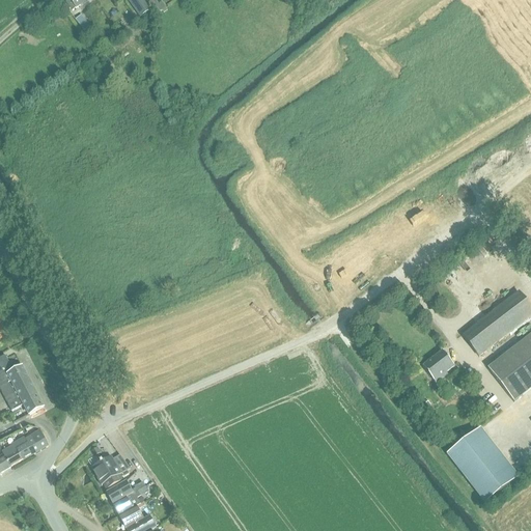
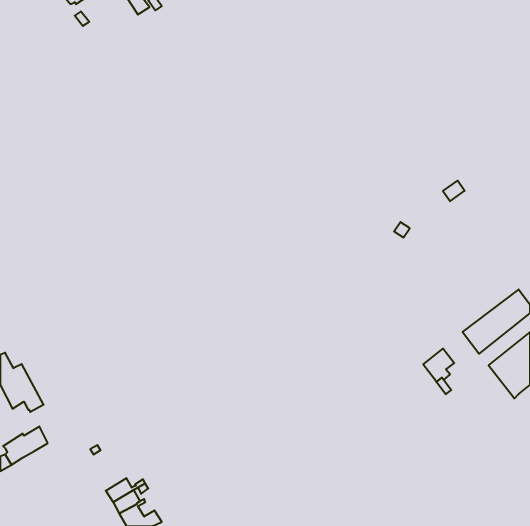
building: [447,425,519,500] -> none
building: [91,452,131,486] -> none

